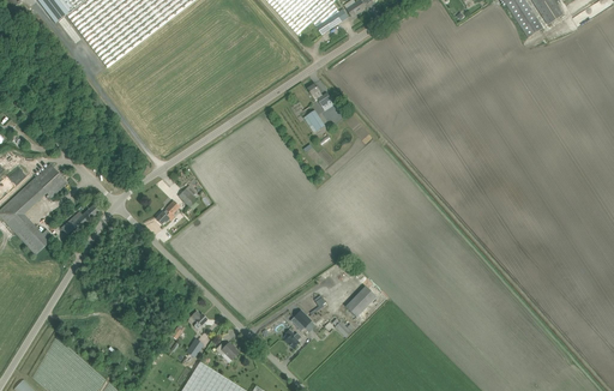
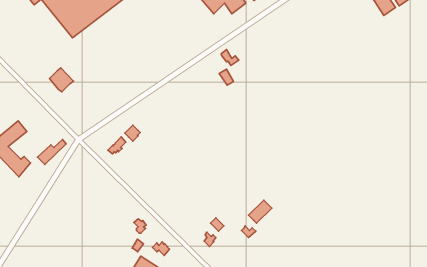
building: [34,164,66,197] -> [49,68,73,92]

